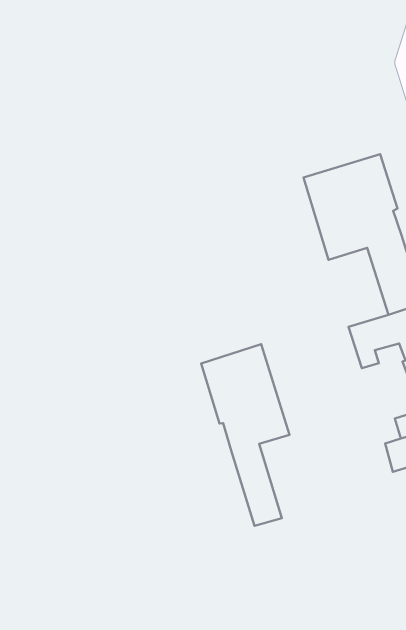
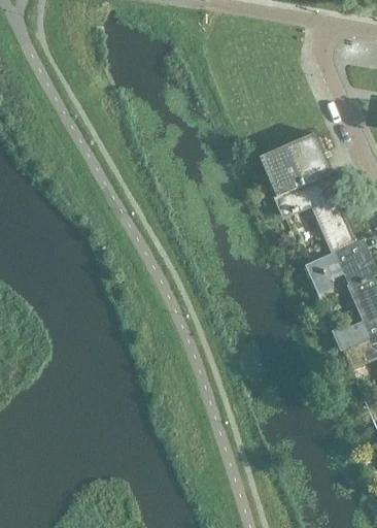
building: [201,344,290,526] -> none

